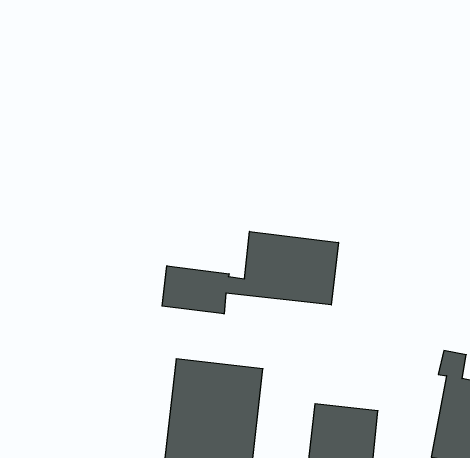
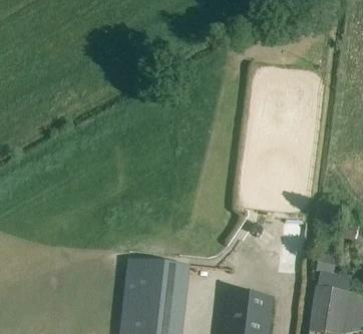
building: [162,231,338,314] -> none

